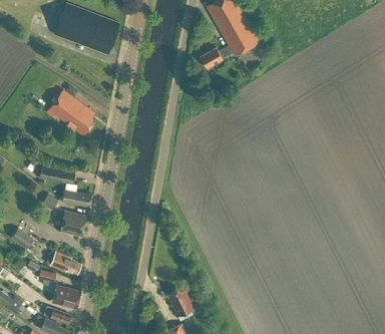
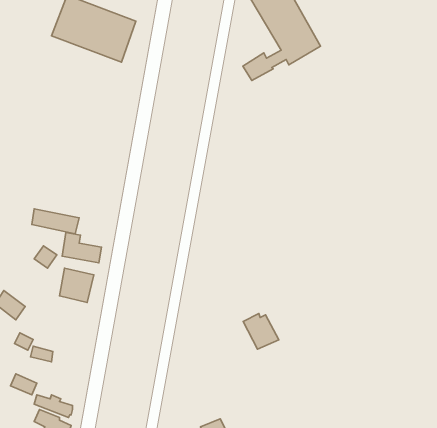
building: [46,89,95,136] -> none
building: [50,252,81,274] -> none
building: [52,285,81,309] -> none
building: [167,289,195,316] -> [243,314,279,349]

